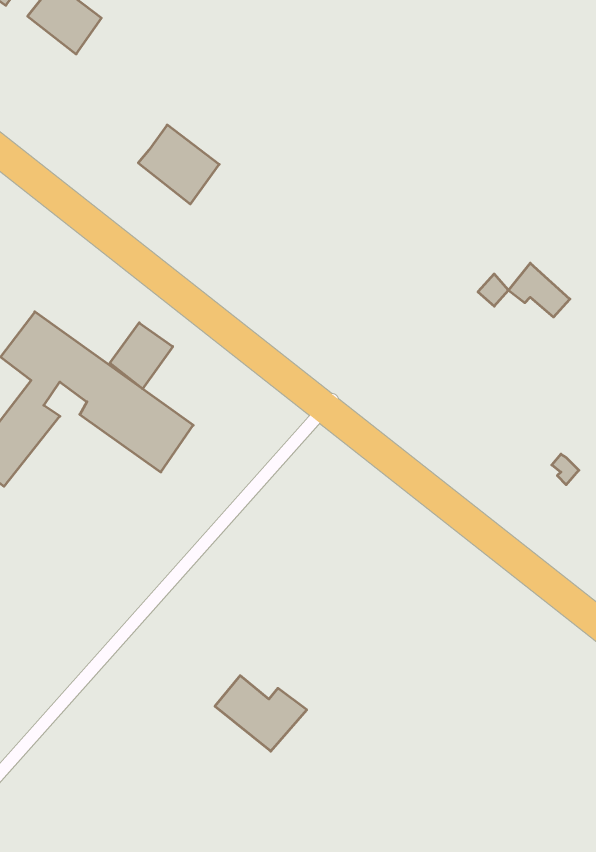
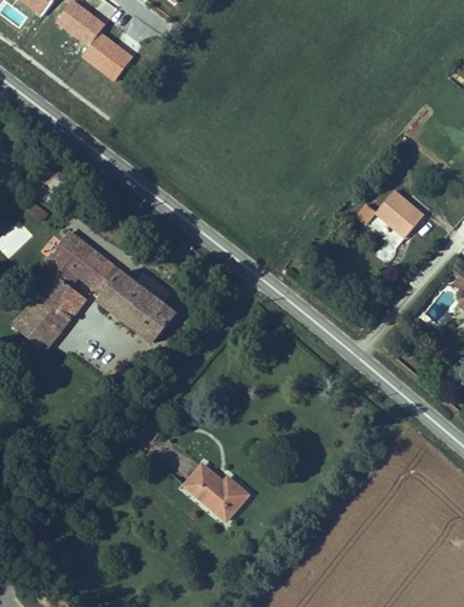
building: [138,125,219,204] -> [85,36,139,89]
building: [110,323,173,389] -> none

